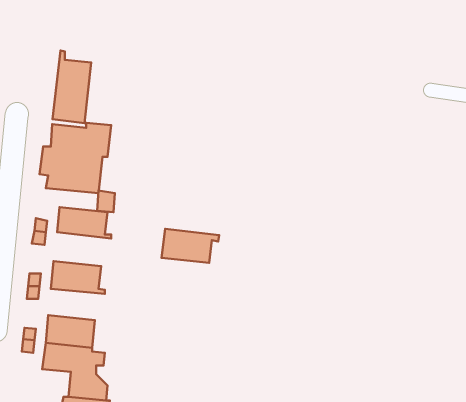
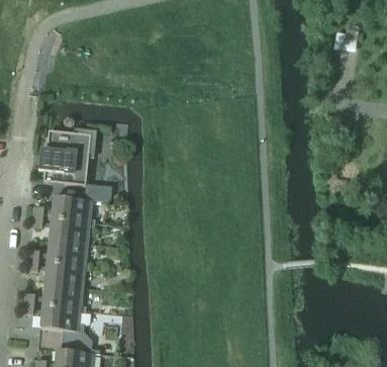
building: [52,51,91,123] -> none
building: [161,229,219,263] -> [49,216,95,244]
building: none -> [44,262,90,287]

